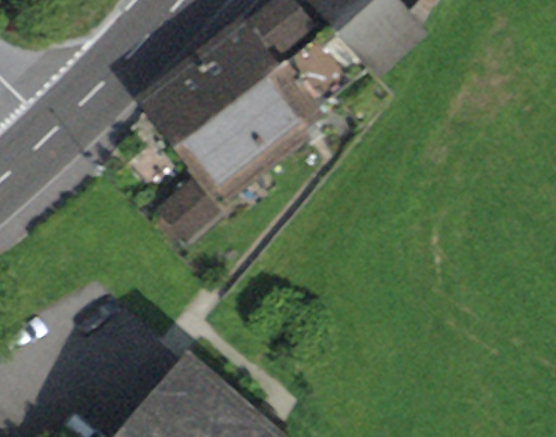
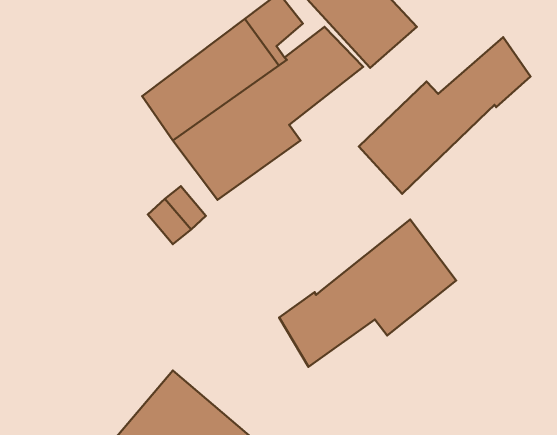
building: none -> [359,37,531,194]
building: none -> [279,219,456,367]

